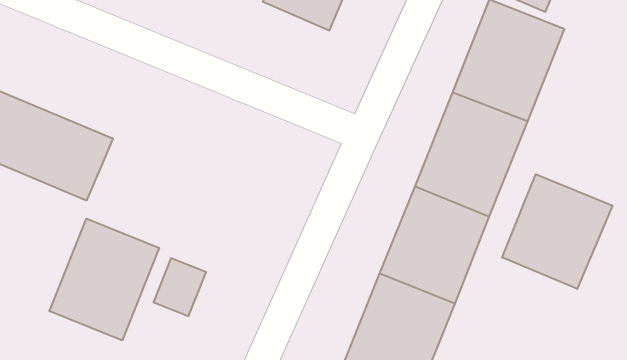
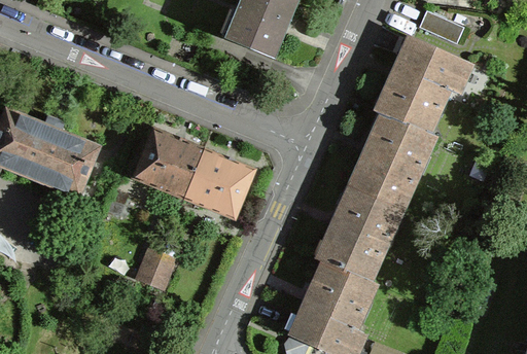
building: none -> [131,119,262,219]
building: [502,174,612,289] -> none
building: [49,219,159,340] -> none

